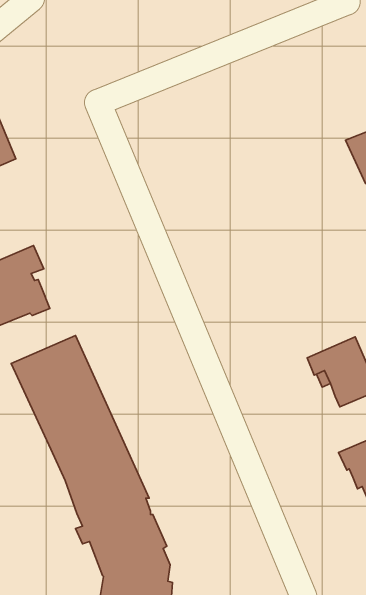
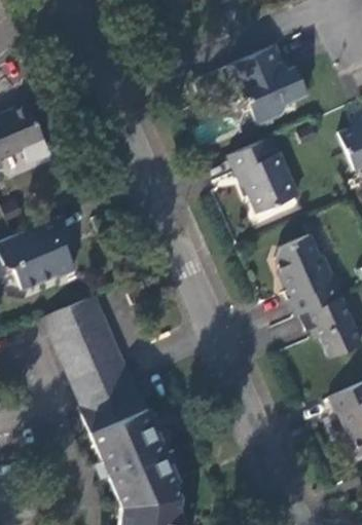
building: none -> [229,46,307,125]
building: none -> [229,139,298,214]
building: none -> [277,235,342,316]

